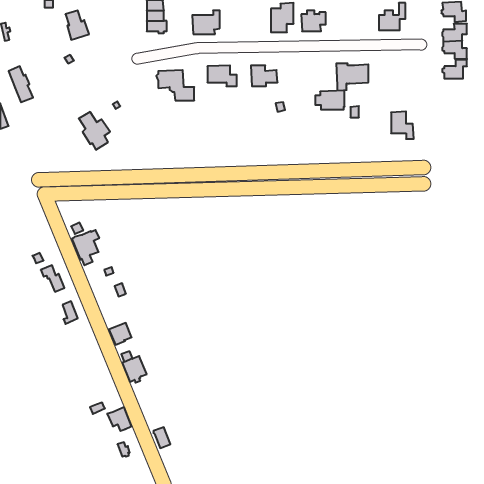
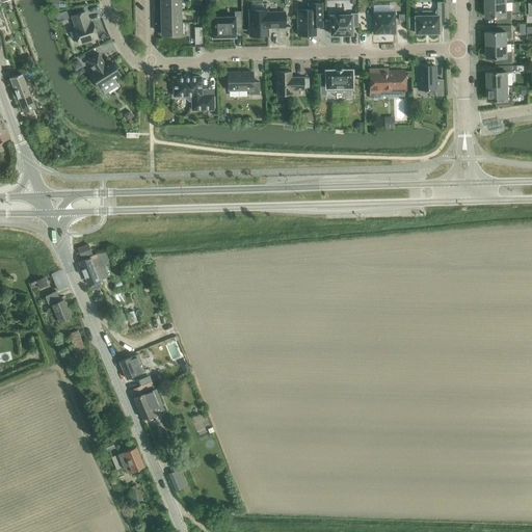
building: none -> [249,10,285,36]
building: none -> [373,12,395,35]
building: none -> [486,86,513,107]
building: [315,91,345,110] -> [320,70,352,90]
building: [391,111,414,139] -> [419,65,444,96]
building: [79,112,110,150] -> [86,53,121,95]

